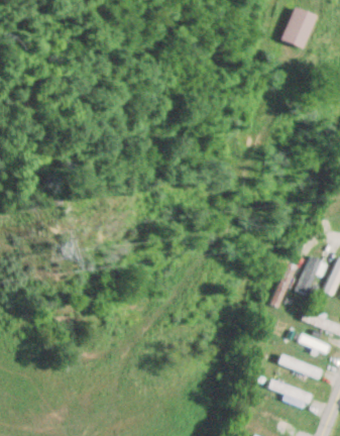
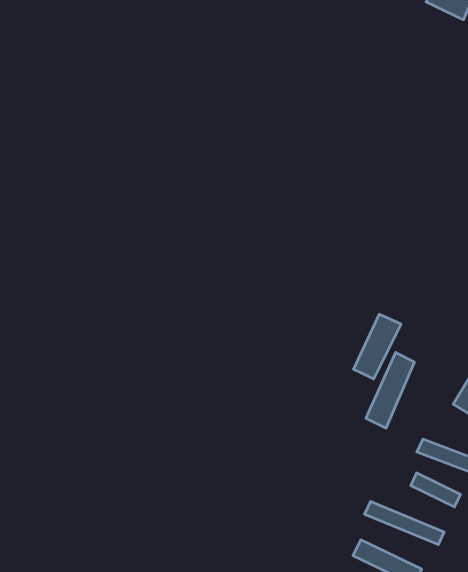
building: [295,255,322,296] -> [353,314,401,379]

